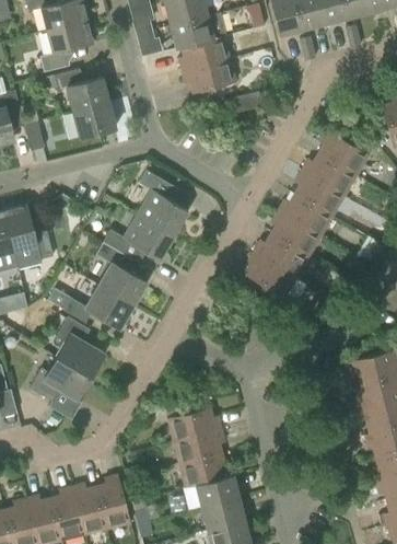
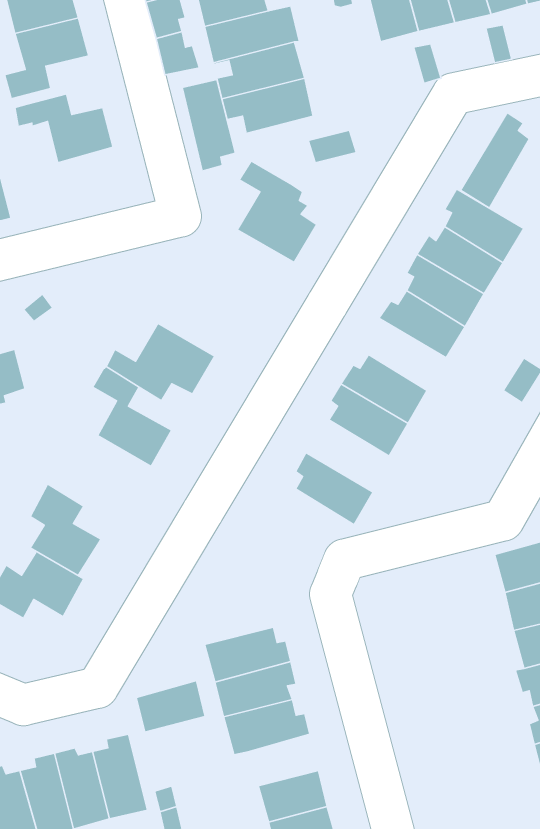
building: none -> [182,80,236,171]
building: none -> [461,112,530,208]
building: [74,102,116,138] -> none
building: [138,170,188,234] -> [237,161,317,263]
building: [271,210,320,256] -> [296,452,373,525]
building: [63,285,133,327] -> none
building: [196,474,240,507] -> [136,680,205,732]

